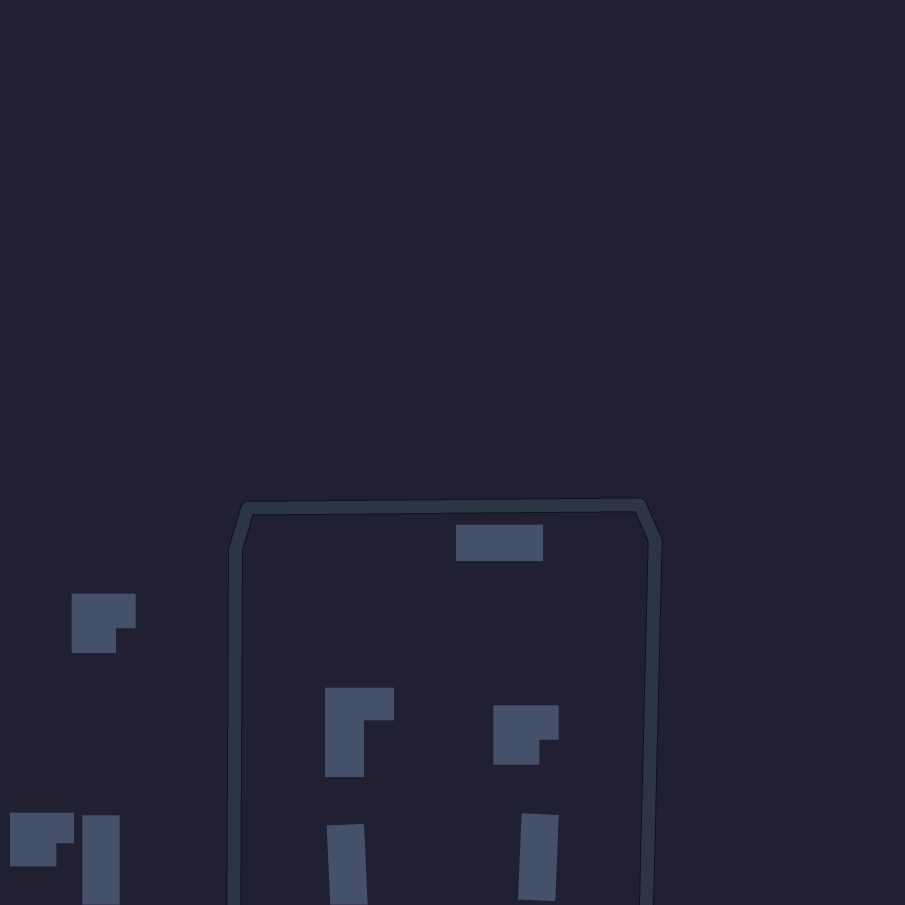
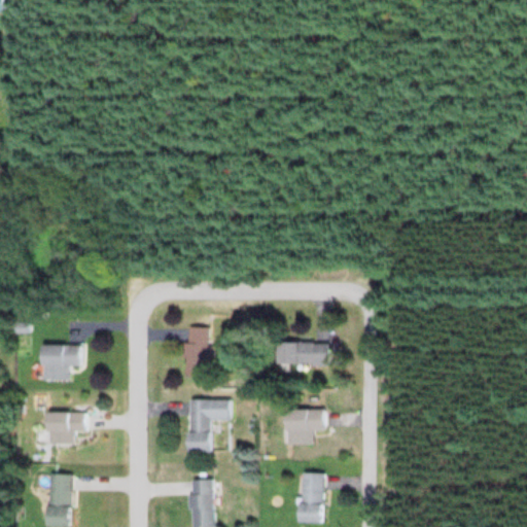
building: [455,524,544,561] -> [277,343,328,364]
building: none -> [184,327,208,377]
building: [9,812,75,867] -> [46,412,84,444]

